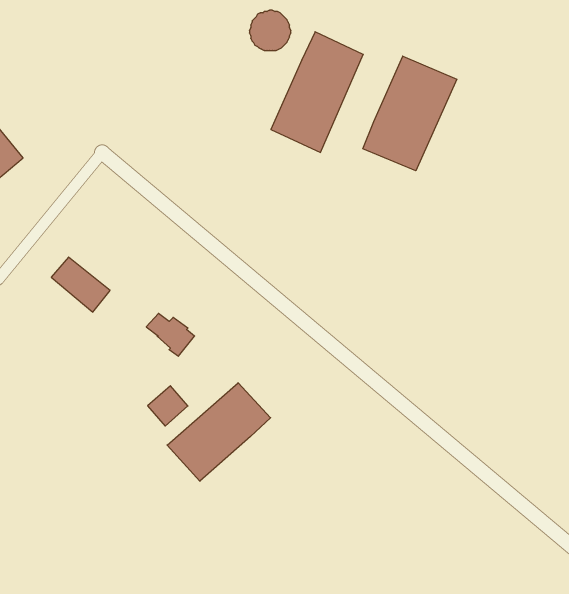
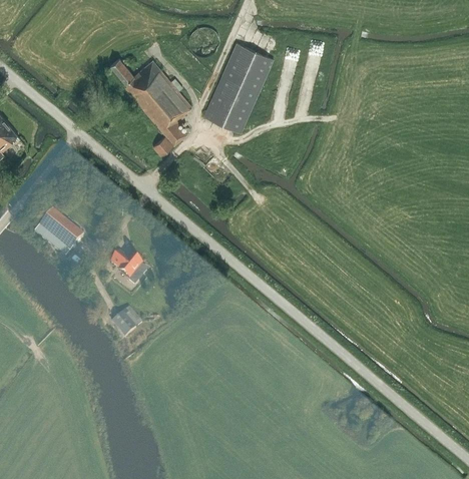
building: none -> [110,59,191,156]
building: [363,56,457,171] -> none
building: [167,383,271,481] -> none

